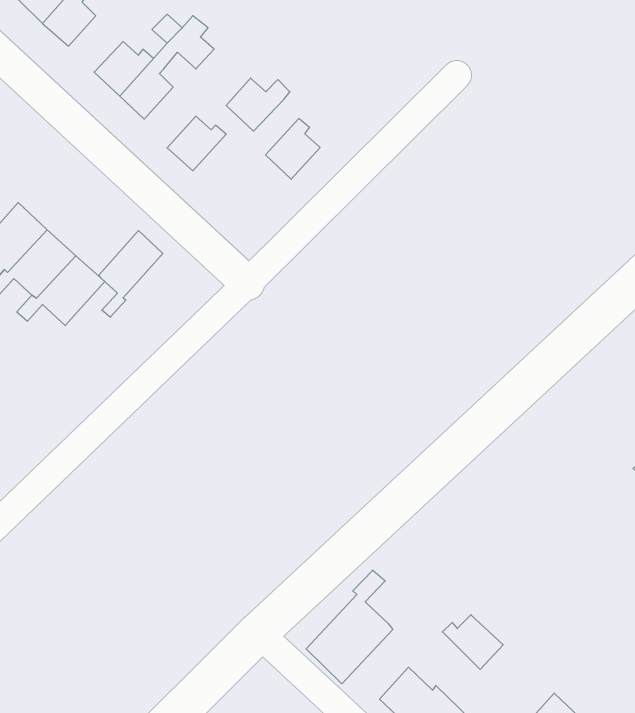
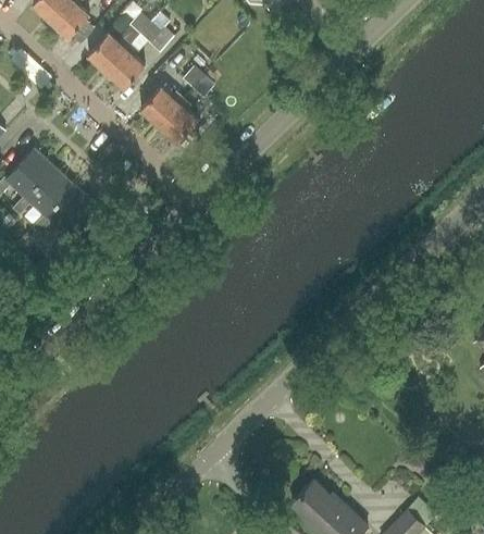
building: [266,119,320,179] -> [158,99,197,142]
building: [99,231,163,317] -> none
building: [306,570,393,684] -> none
building: [442,615,503,669] -> none

